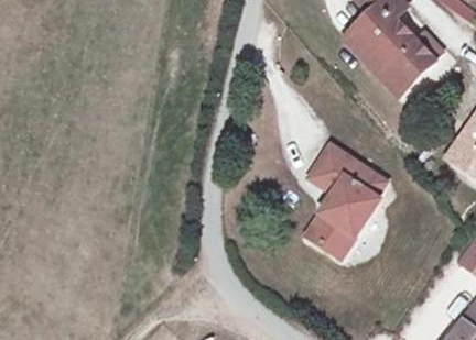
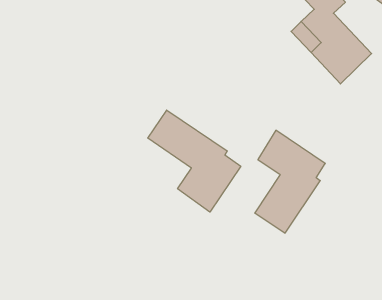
building: none -> [148,110,241,212]

